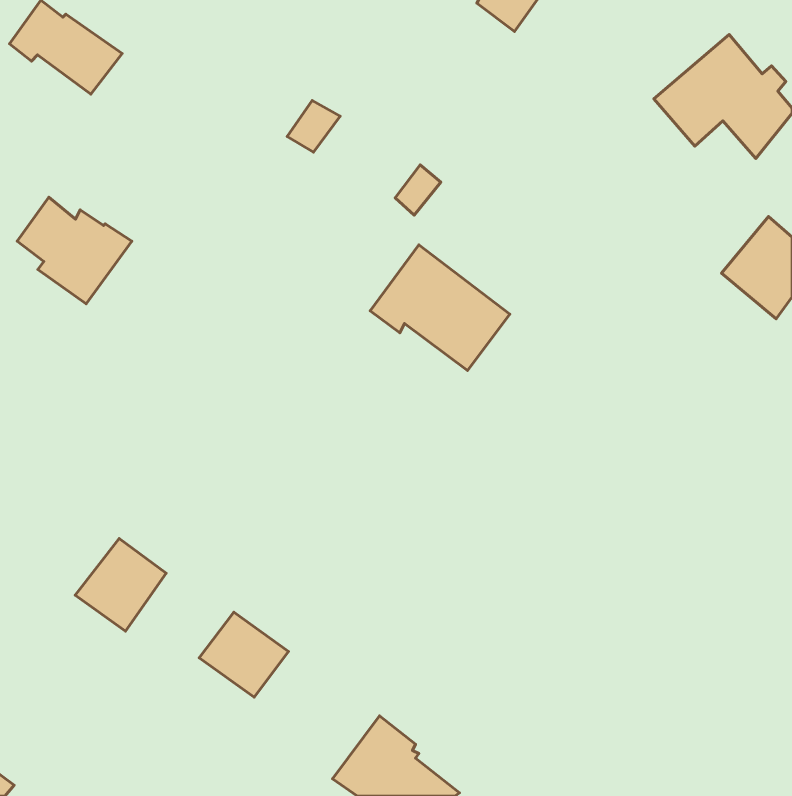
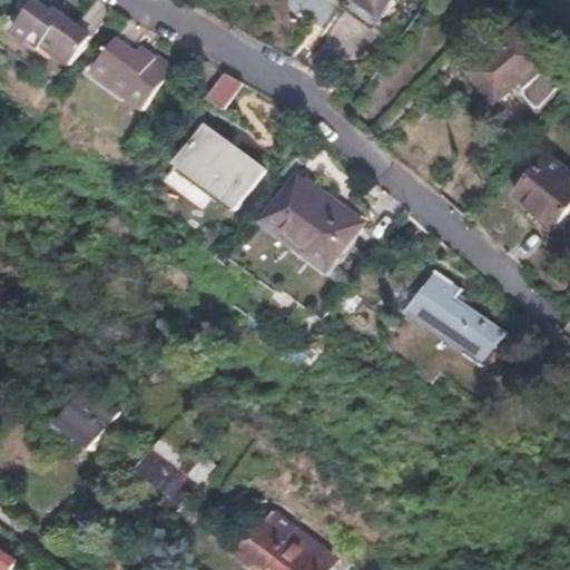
building: none -> [175,125,264,212]
building: [17,197,132,304] -> [90,37,171,112]
building: none -> [400,268,503,365]

